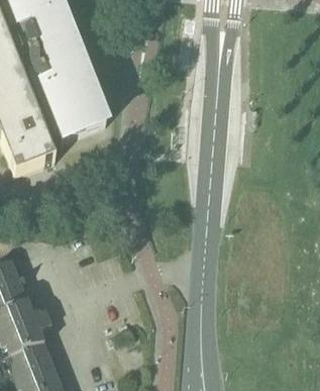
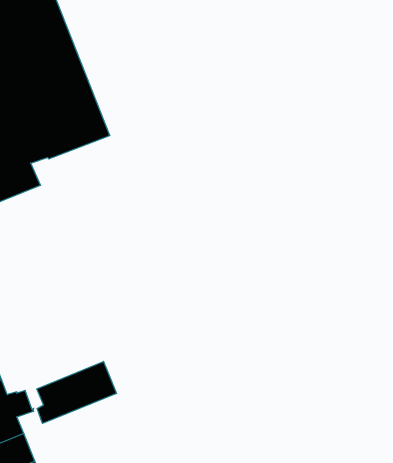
building: none -> [37,361,117,423]

